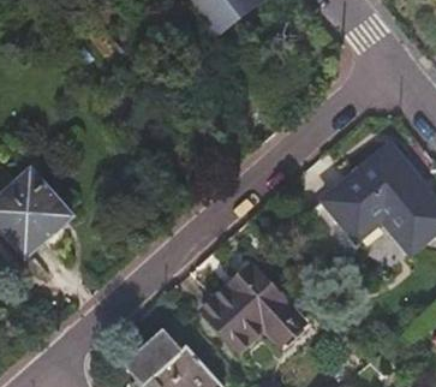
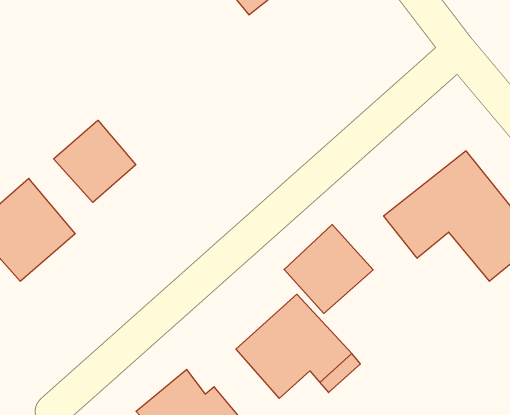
building: none -> [54,120,136,202]
building: none -> [284,225,373,313]

